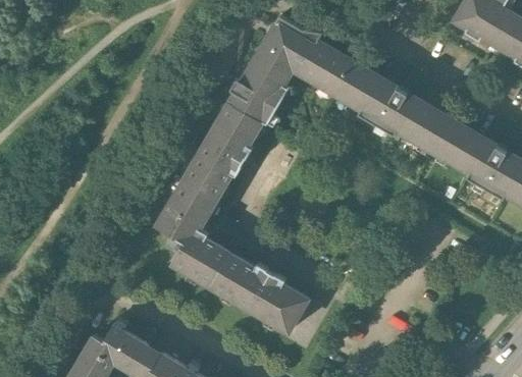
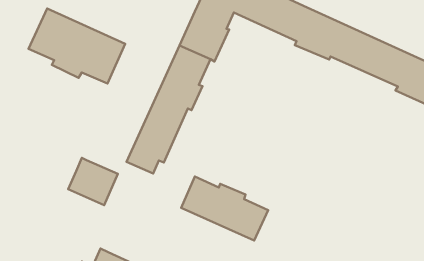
building: none -> [29,9,125,84]
building: [172,230,230,286] -> [68,158,118,205]

